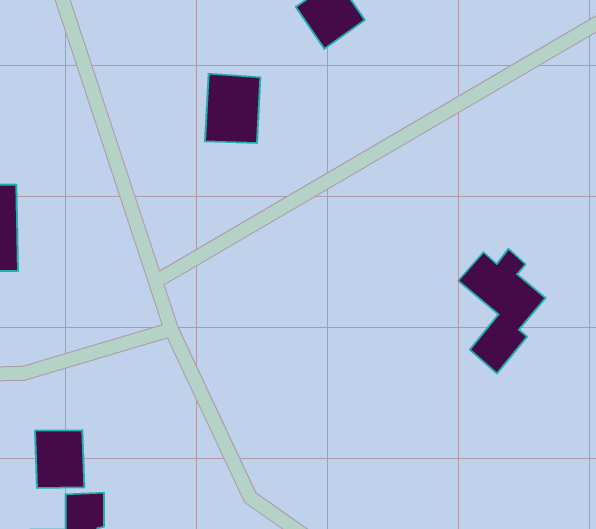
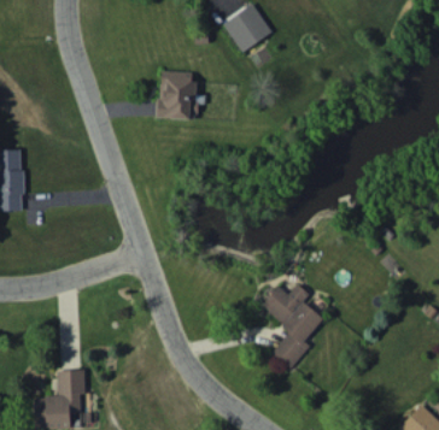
building: [458,249,546,373] -> [261,283,323,372]
building: [35,430,84,488] -> none

